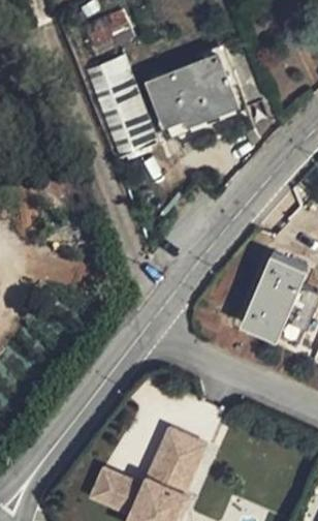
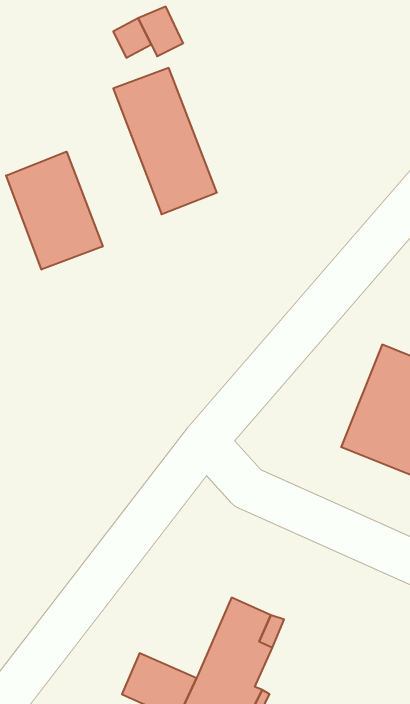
building: [148,54,235,123] -> none
building: none -> [6,152,103,270]

